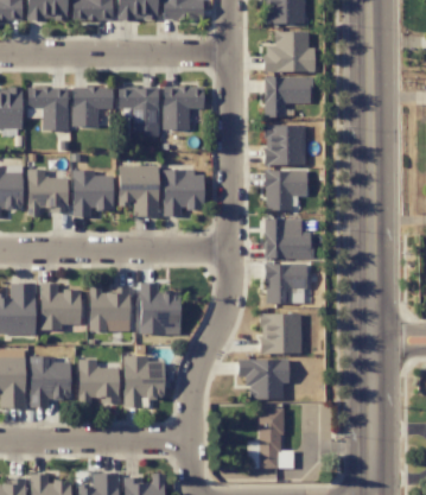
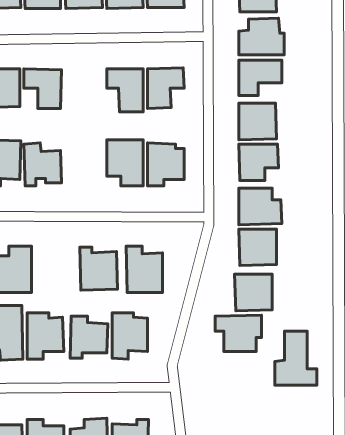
building: [72,87,113,127] -> none
building: [74,170,114,216] -> none
building: [40,284,81,329] -> none
building: [248,408,294,468] -> [275,331,317,385]

